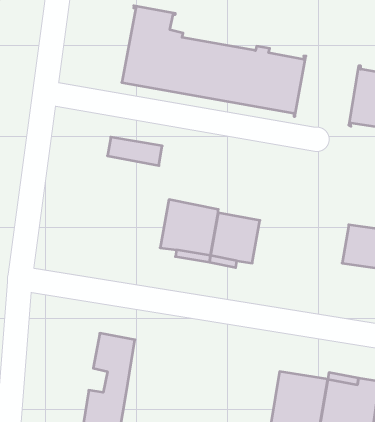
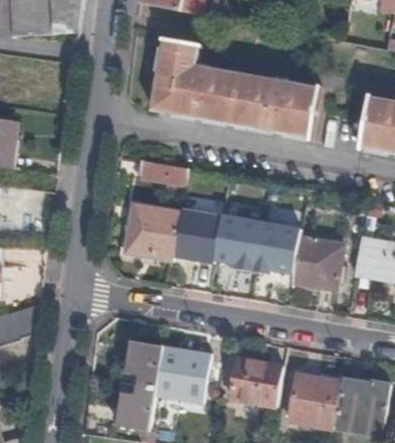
building: none -> [126,203,183,261]
building: none -> [292,237,345,289]
building: none -> [157,345,212,404]
building: none -> [231,357,283,407]

